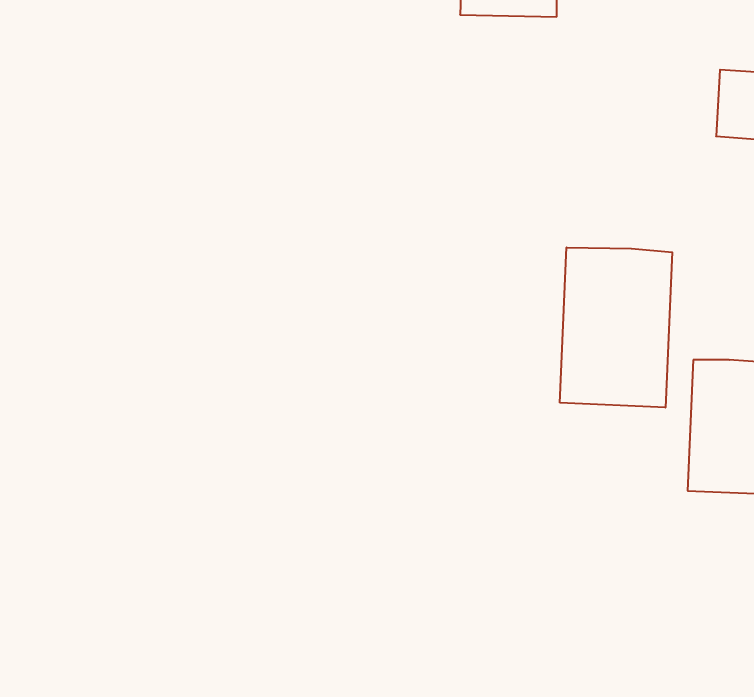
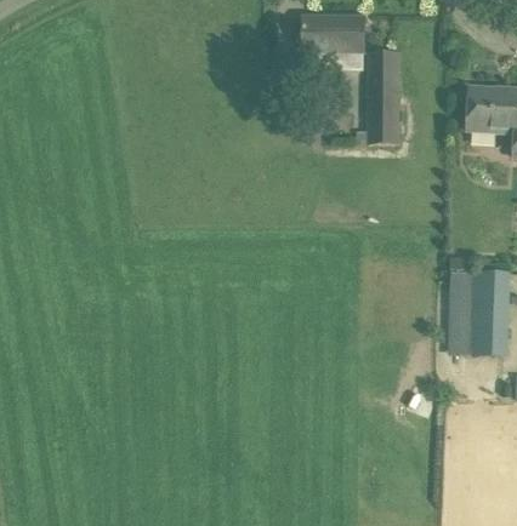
building: none -> [357,51,400,143]
building: [560,247,672,408] -> none

